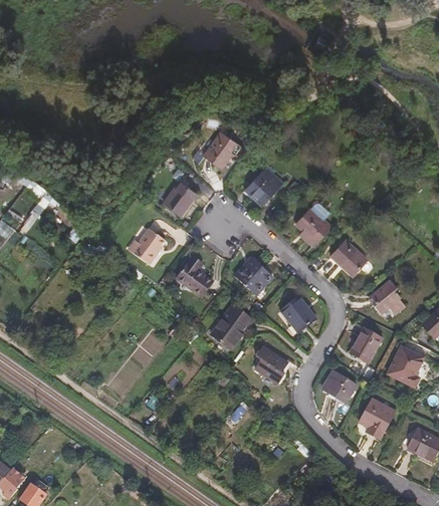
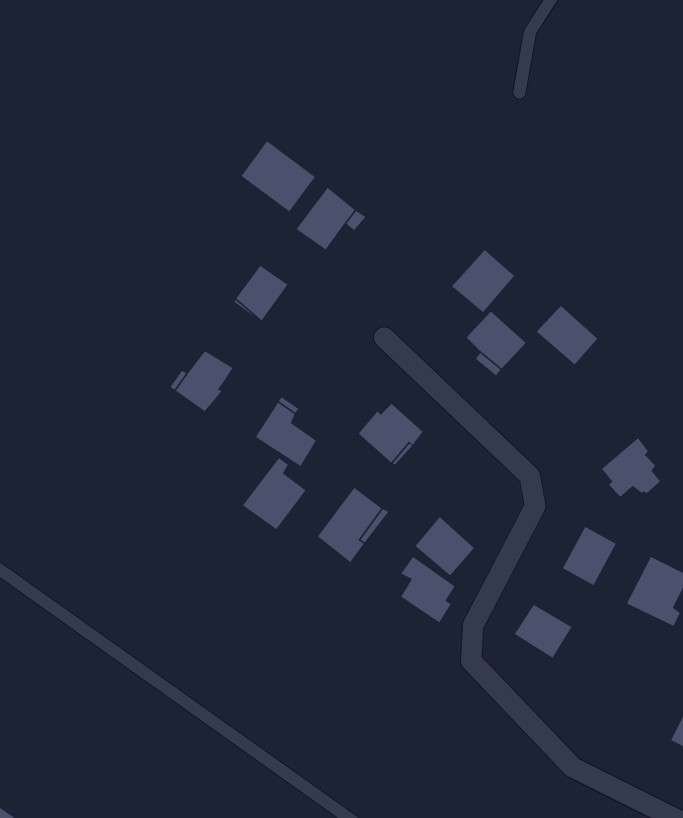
building: none -> [241,140,316,213]
building: [245,168,281,204] -> [451,249,515,313]
building: [330,241,365,275] -> [536,305,598,365]
building: none -> [242,457,306,530]
building: [282,293,316,327] -> [414,516,475,576]
building: [361,400,396,440] -> none

